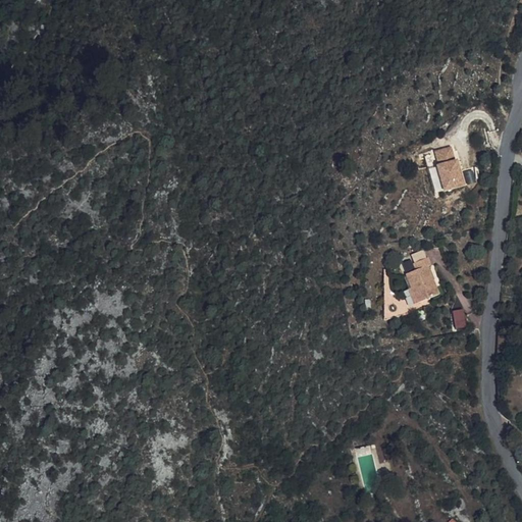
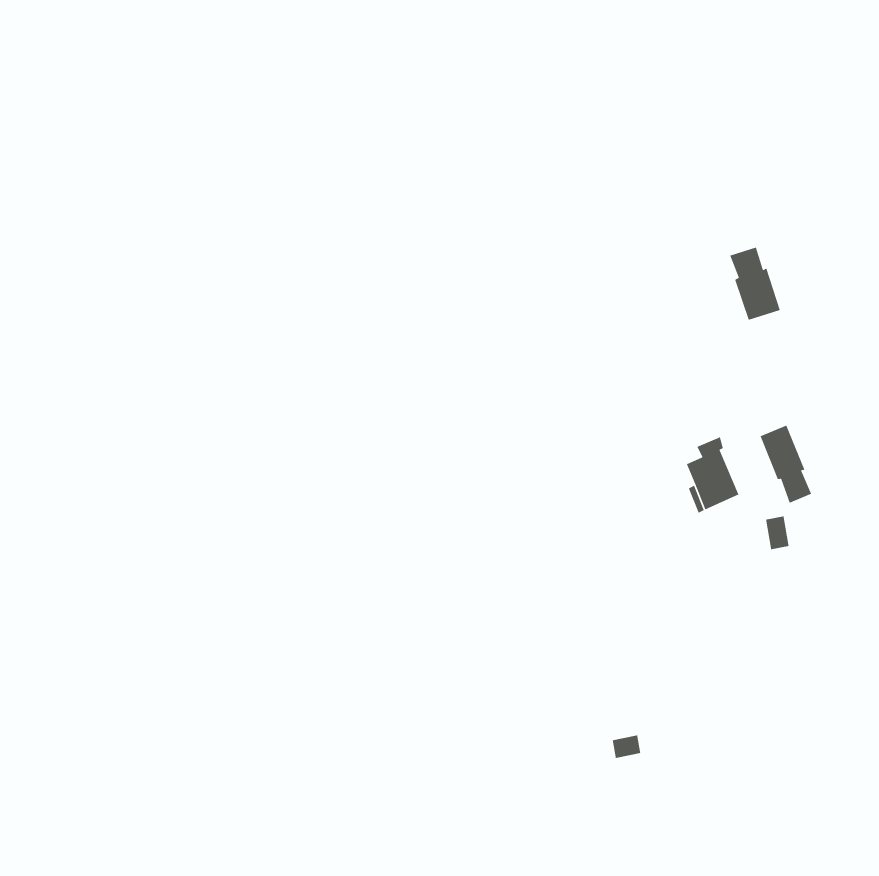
building: none -> [760,425,812,504]

